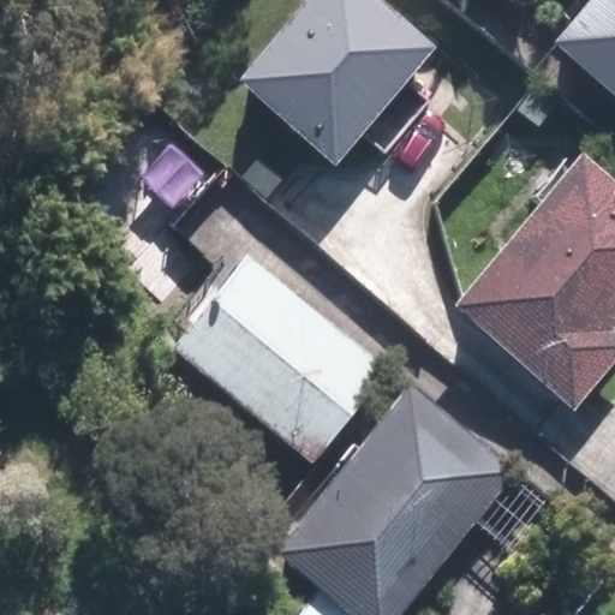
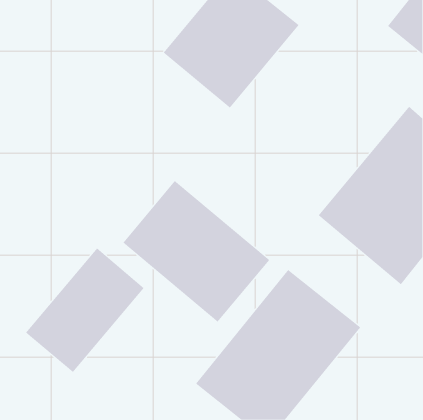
building: none -> [25,247,144,373]

